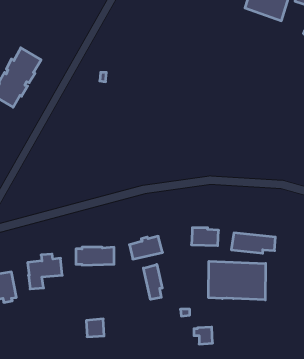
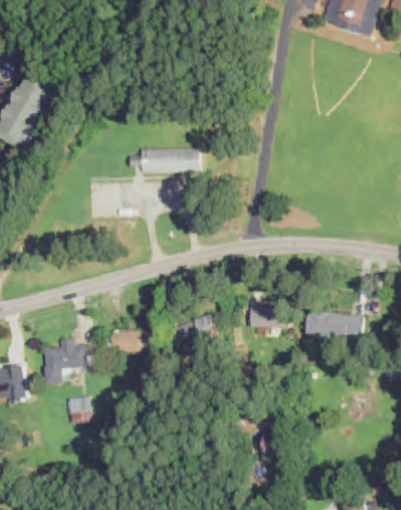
building: none -> [126,147,200,171]
building: [209,261,266,300] -> none
building: [143,264,162,299] -> none
building: [86,319,104,337] -> [67,397,90,420]

